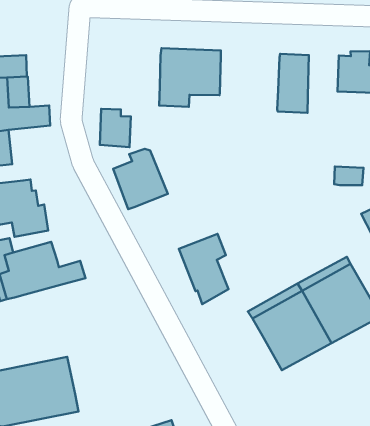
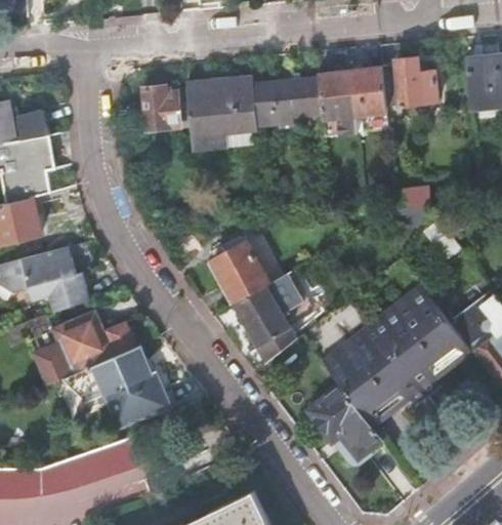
building: none -> [350,66,388,115]
building: none -> [254,77,322,125]
building: [100,109,131,147] -> [143,87,180,129]
building: [113,149,168,209] -> [208,237,271,306]
building: none -> [64,347,172,430]
building: none -> [309,386,383,463]

